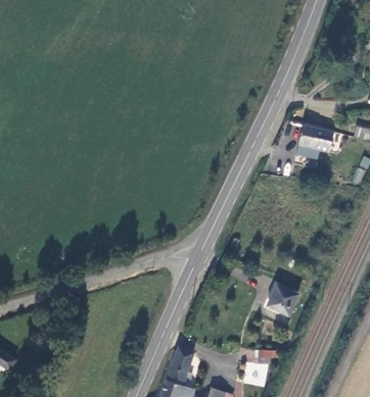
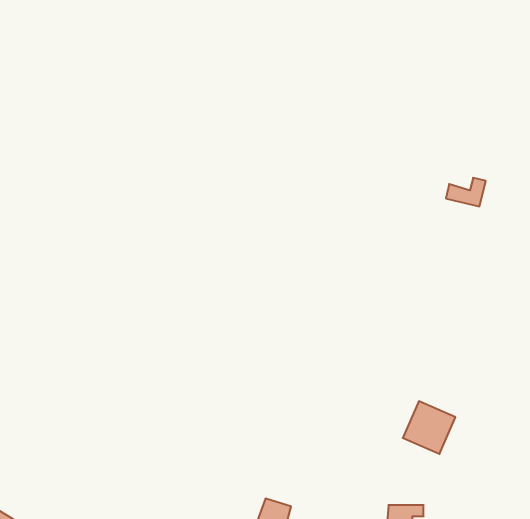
building: [295,125,322,148] -> none

